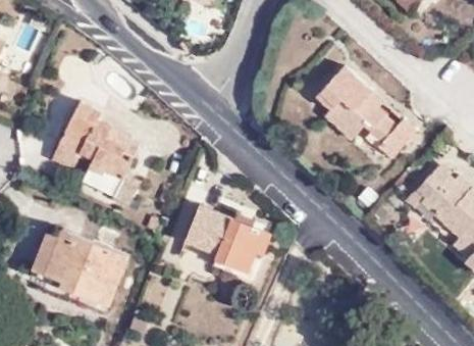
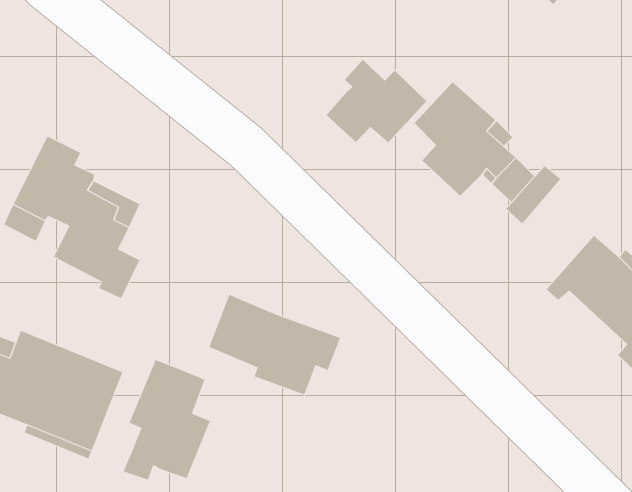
building: none -> [326,59,427,143]
building: none -> [123,359,211,481]

